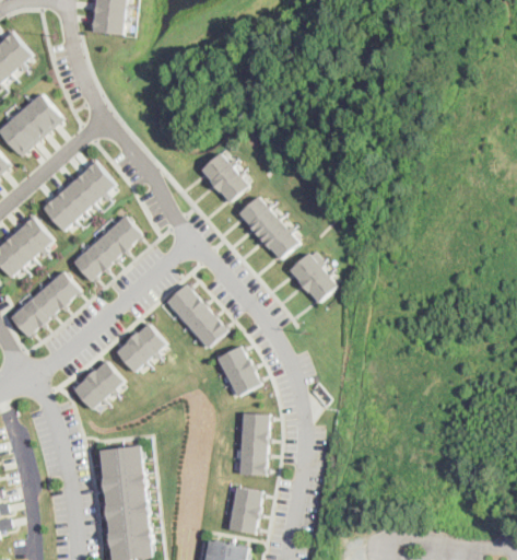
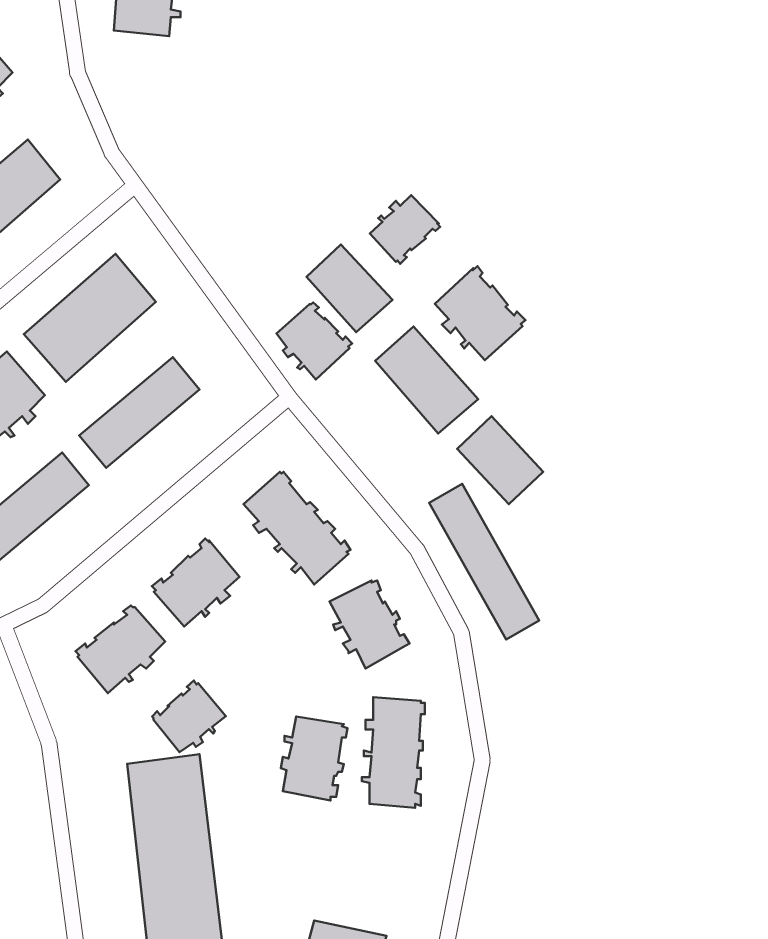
building: none -> [370,195,440,264]
building: none -> [435,266,525,360]
building: none -> [277,302,352,379]
building: none -> [429,484,539,640]
building: none -> [152,681,226,752]
building: [225,487,263,535] -> [281,717,348,801]

